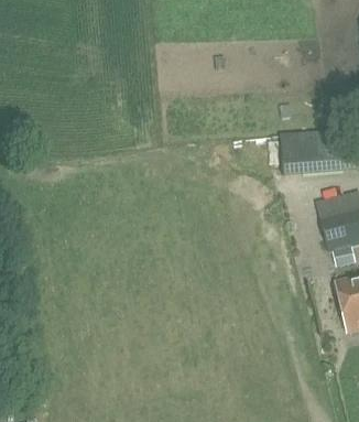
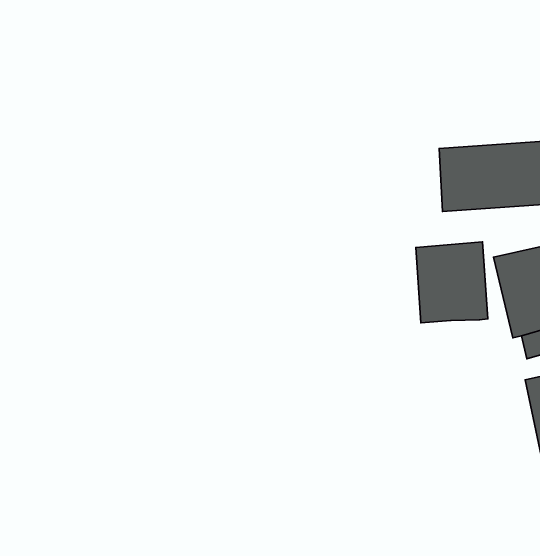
building: none -> [416,242,488,323]

